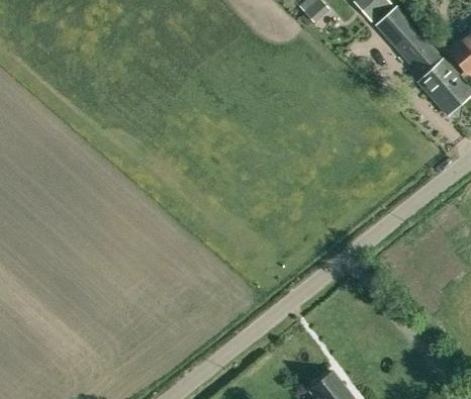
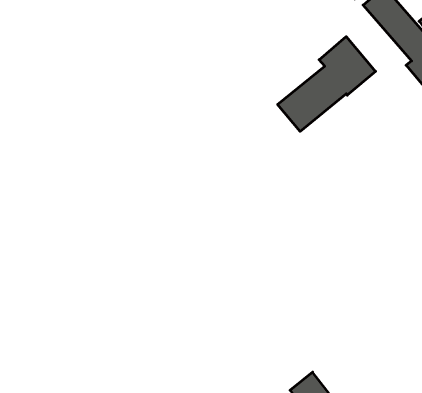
building: none -> [278,37,376,131]

